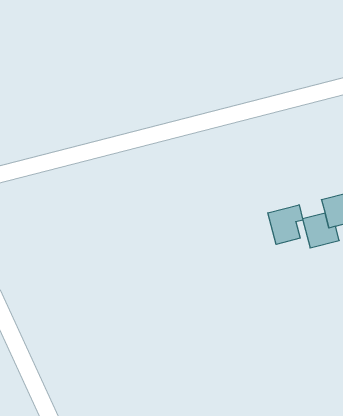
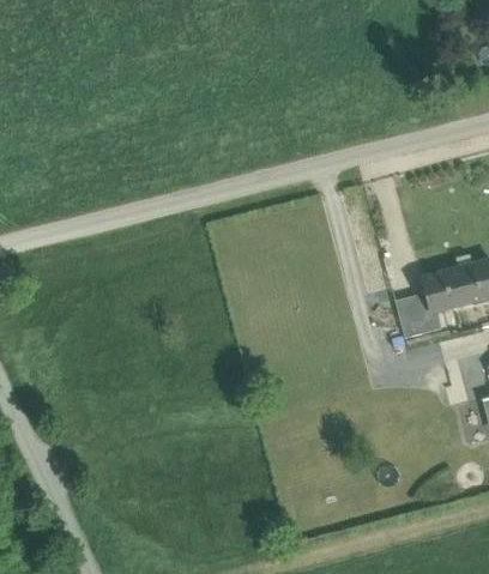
building: [268,205,303,244] -> none

